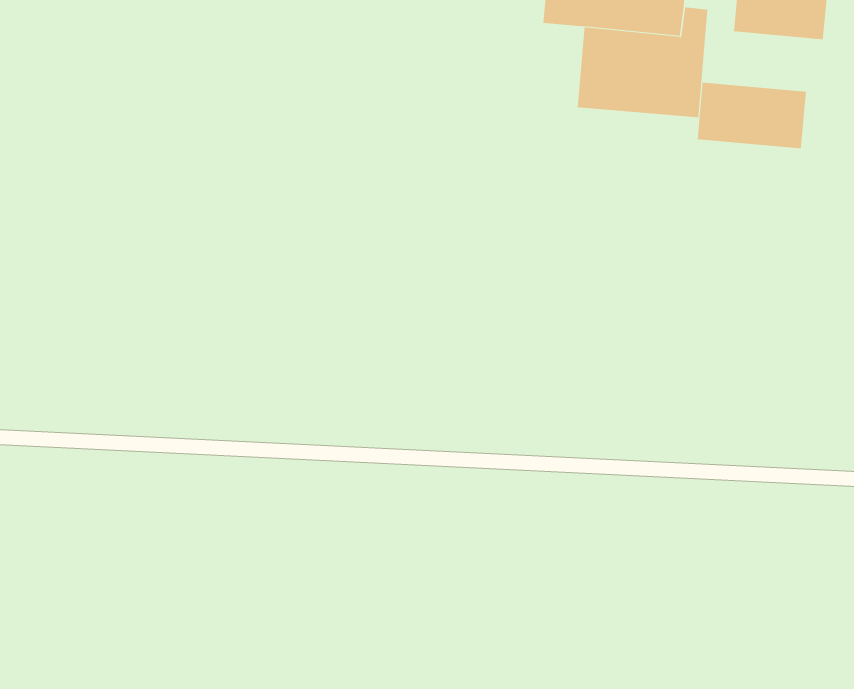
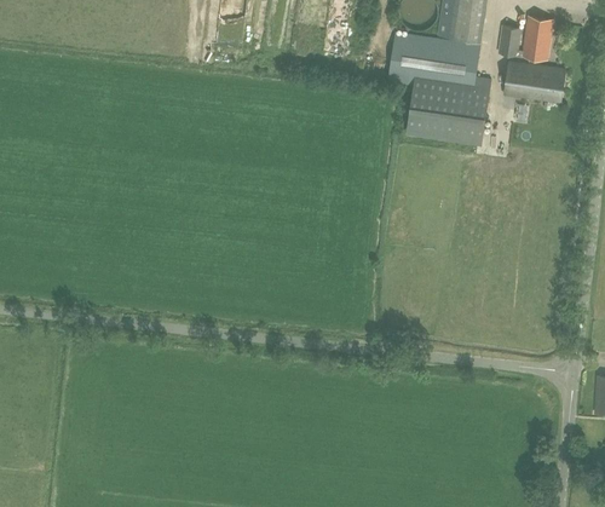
building: [697,82,806,149] -> none

